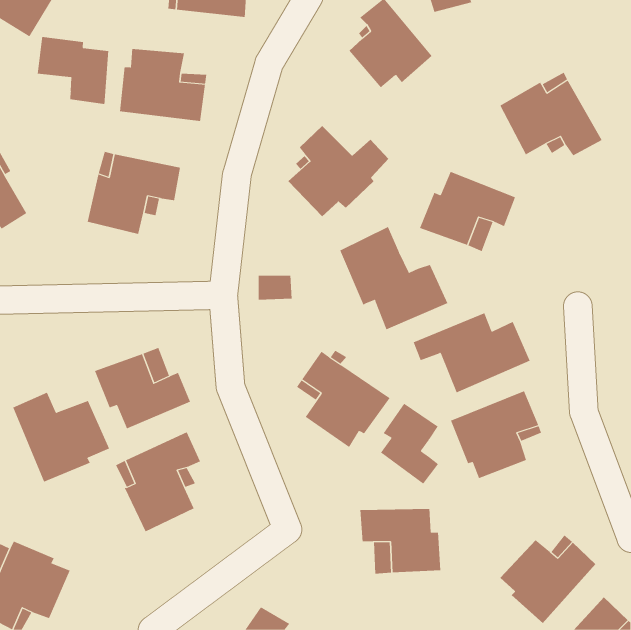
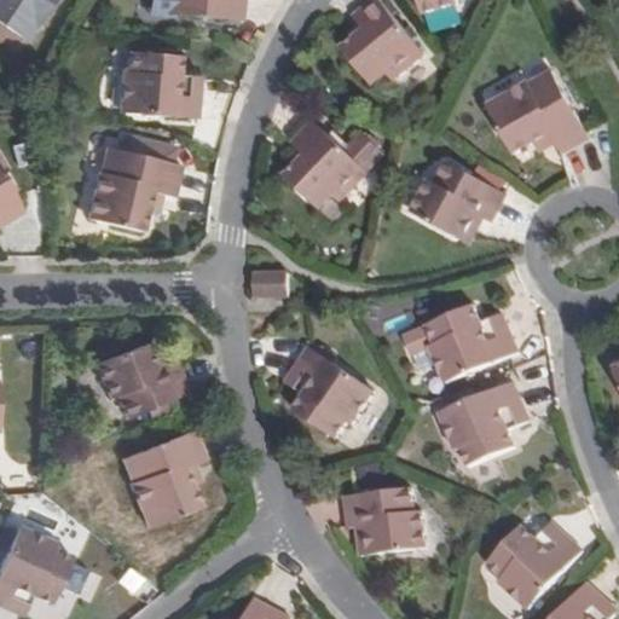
building: [37,36,109,105] -> none
building: [339,226,448,330] -> none
building: [12,392,110,482] -> none
building: [380,403,439,484] -> none

